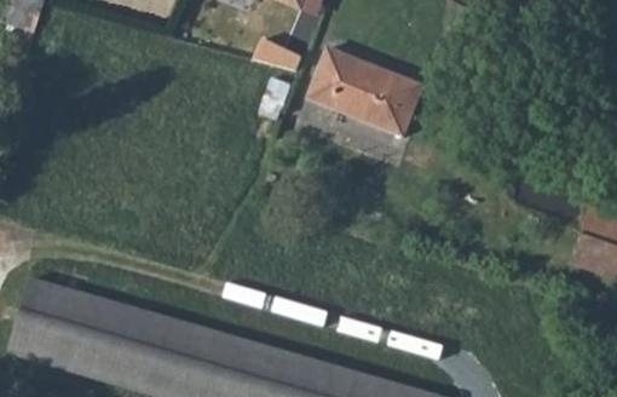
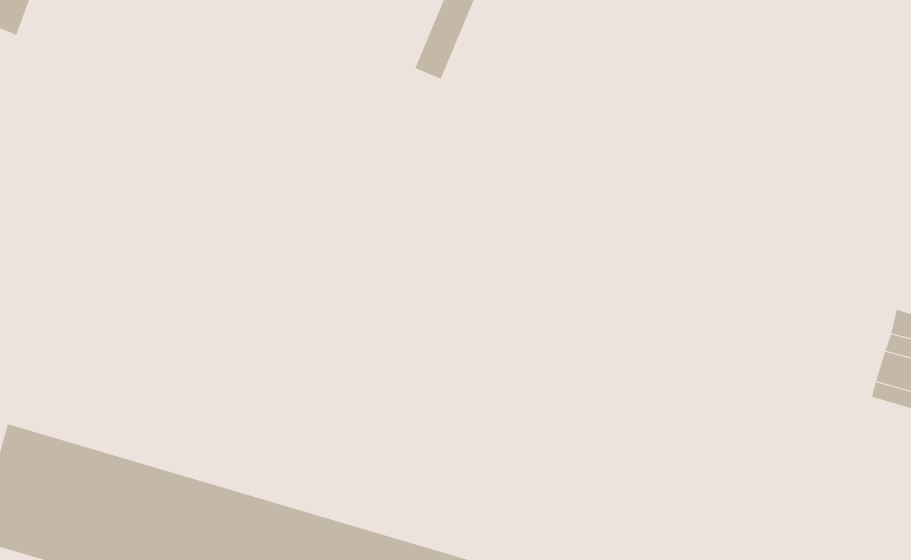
building: [312,47,426,134] -> none

